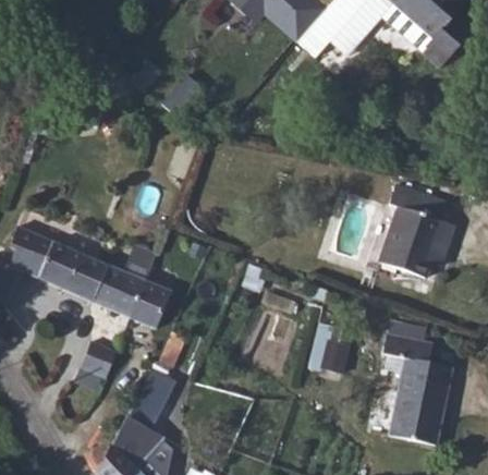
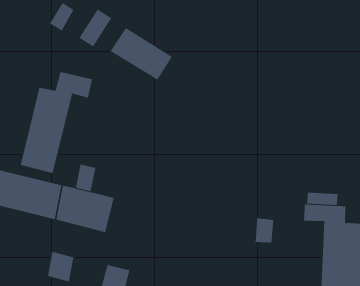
building: none -> [110,27,173,80]
building: none -> [20,71,93,174]
building: [379,184,454,278] -> none

